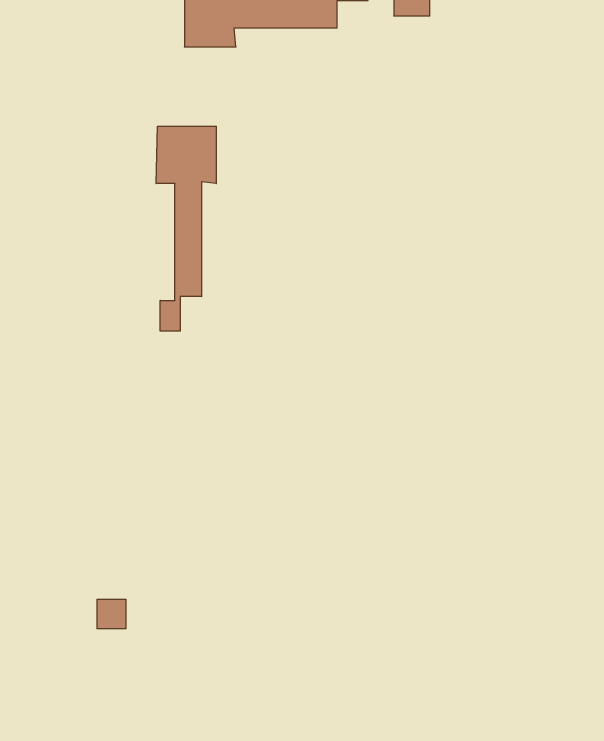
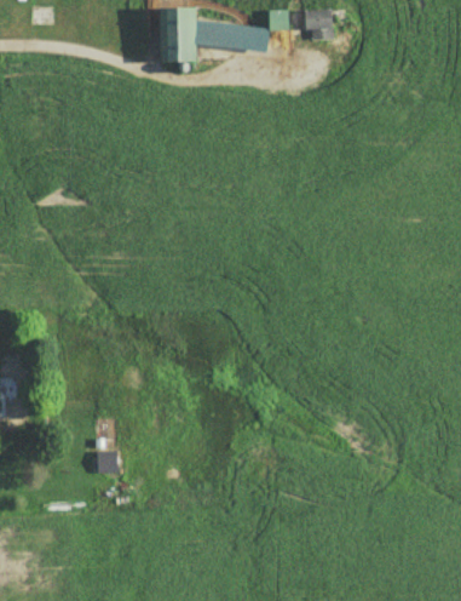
building: [156,126,216,331] -> none

